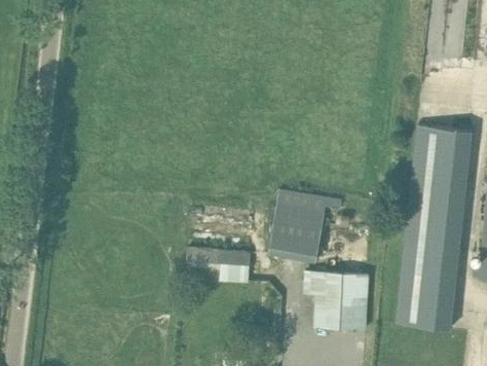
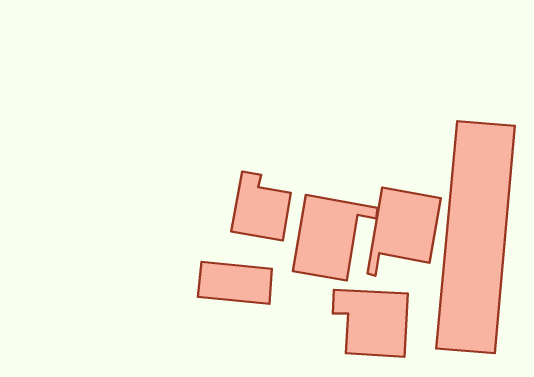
building: none -> [231,172,291,240]
building: none -> [368,188,441,276]

